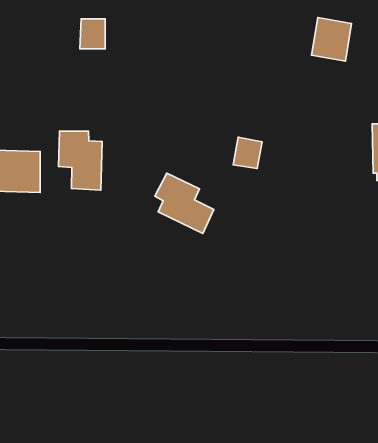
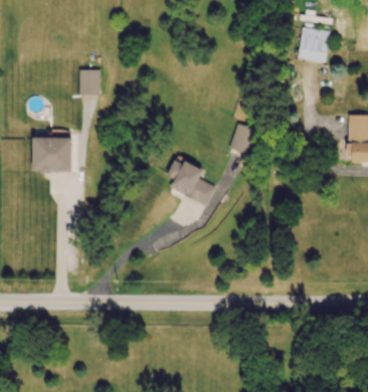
building: [80,19,105,49] -> [78,69,100,94]
building: [58,131,102,190] -> none

